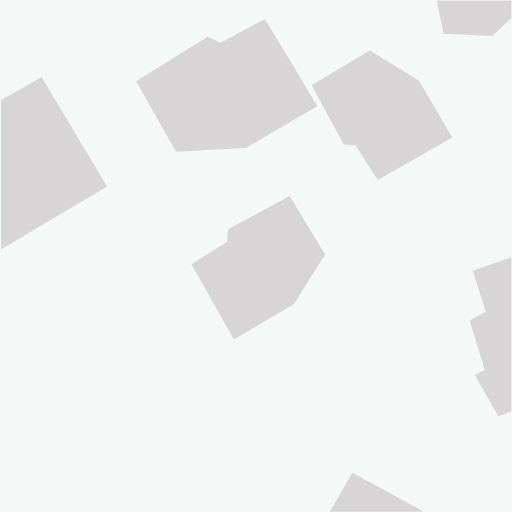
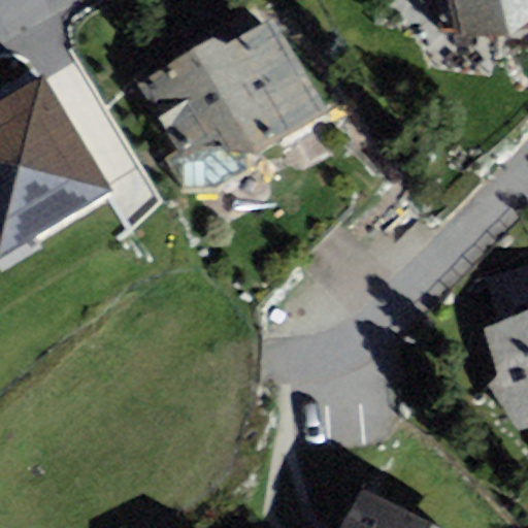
building: [311,49,453,181] -> none
building: [190,195,326,340] -> none

